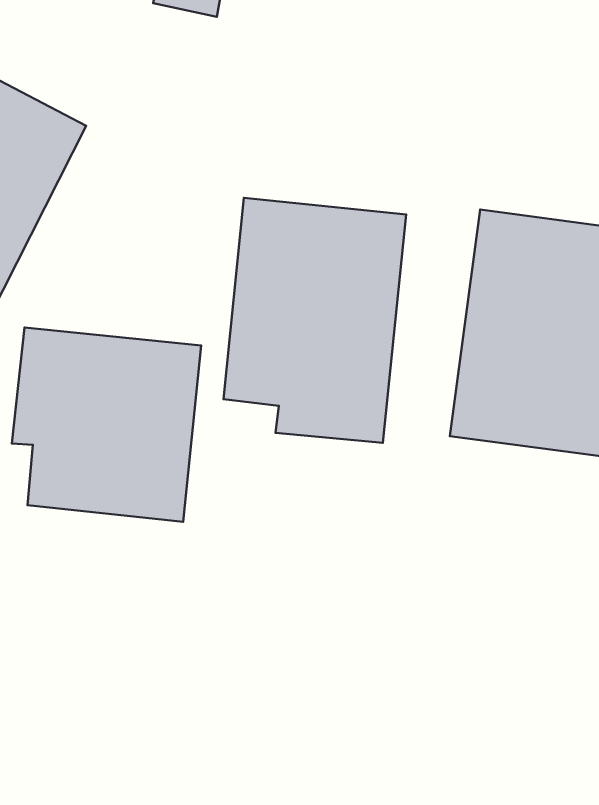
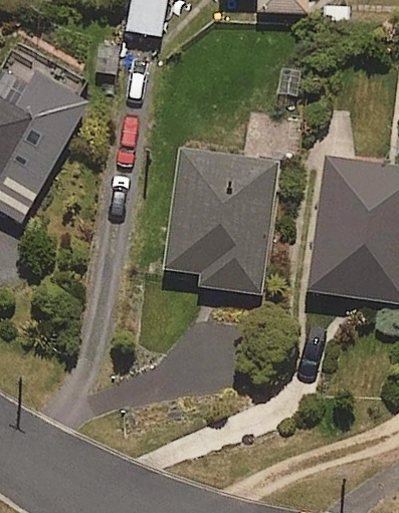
building: [12,327,201,522] -> none

